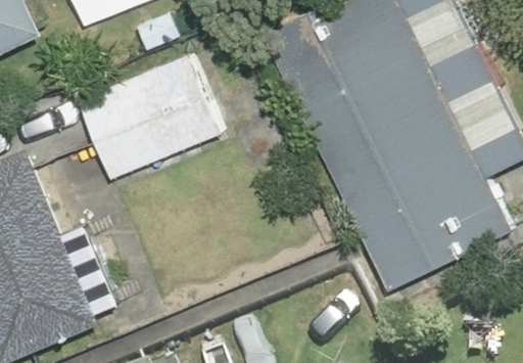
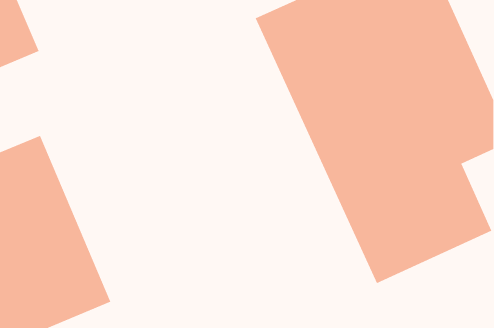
building: [74,48,227,185] -> none

